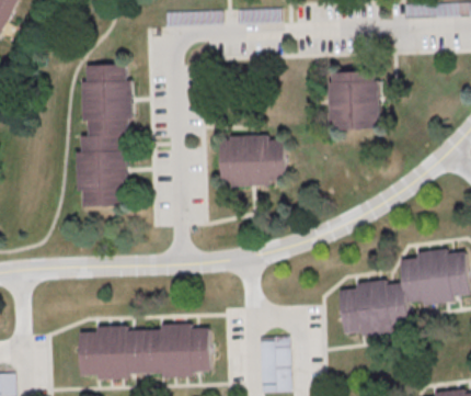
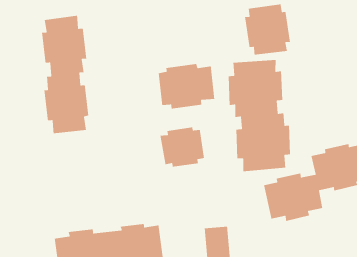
building: none -> [228,59,291,172]
building: none -> [160,127,205,168]

